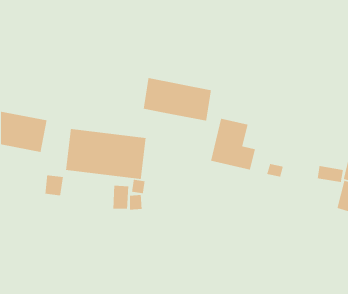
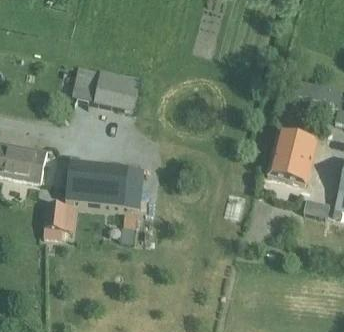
building: [143,77,212,122] -> [74,67,141,110]
building: [210,118,256,170] -> [268,132,312,183]

